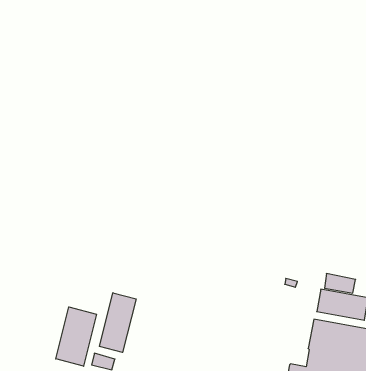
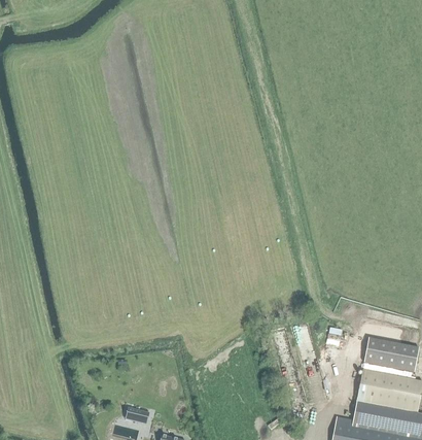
building: [99,293,136,352] -> none
building: [56,307,97,366] -> none

